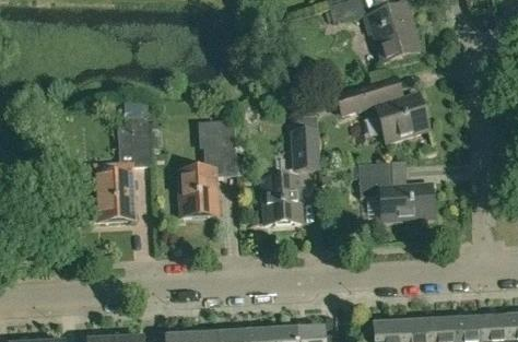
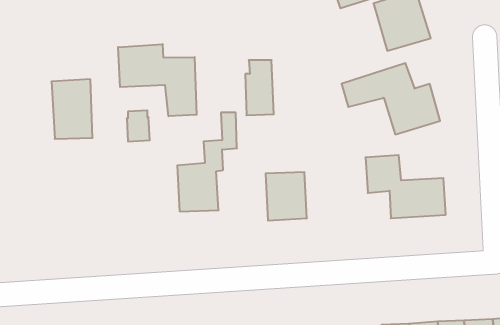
building: none -> [118,44,197,116]
building: [294,118,321,170] -> [245,60,274,115]
building: [94,162,133,219] -> [51,79,93,139]

